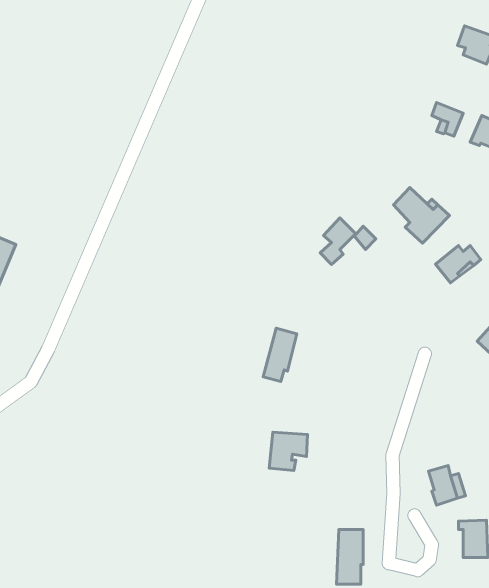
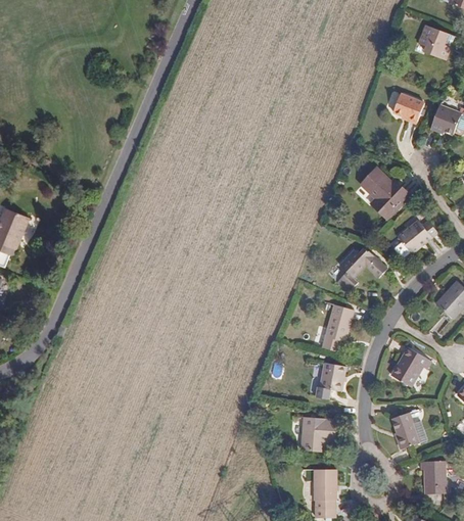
building: [320,218,376,264] -> [337,249,386,290]
building: [263,328,297,382] -> [322,303,352,350]
building: none -> [393,344,427,382]
building: none -> [318,360,344,389]
building: [269,432,308,471] -> [300,416,334,449]

